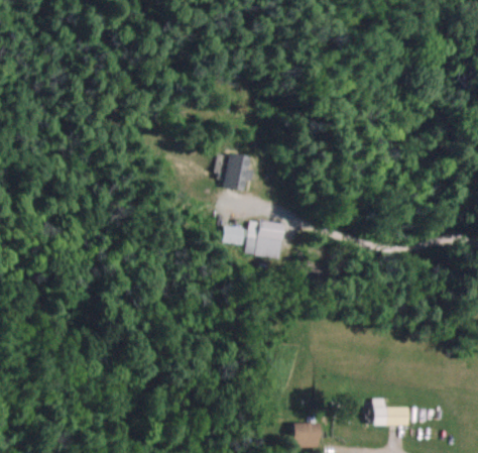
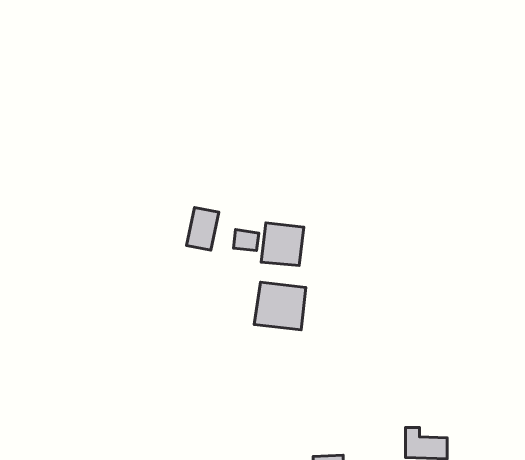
building: [223,153,251,191] -> [186,207,219,250]
building: none -> [254,282,306,330]

